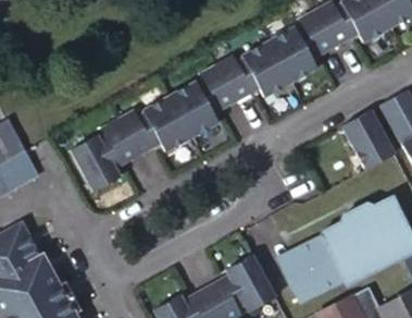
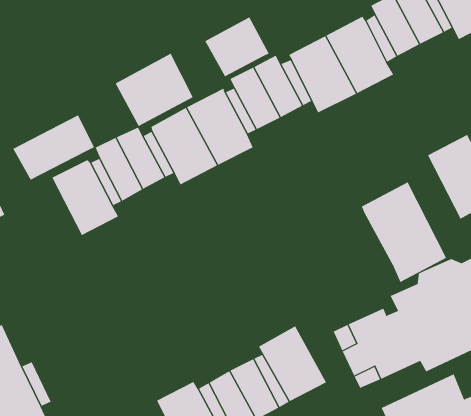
building: none -> [204,16,269,77]
building: none -> [115,53,194,127]
building: none -> [12,115,95,180]
building: none -> [361,182,447,283]

